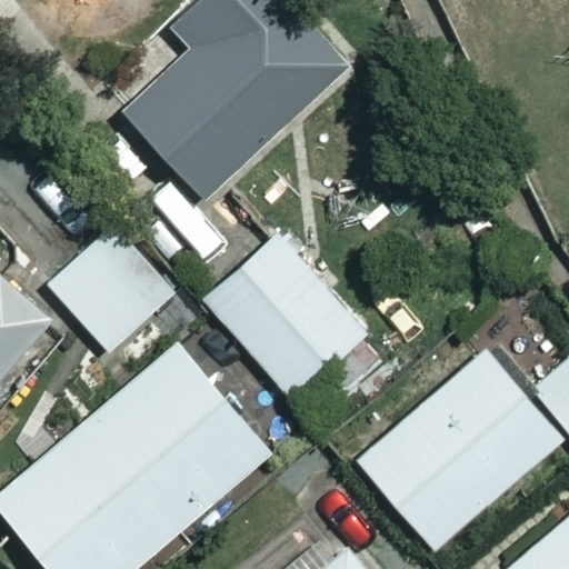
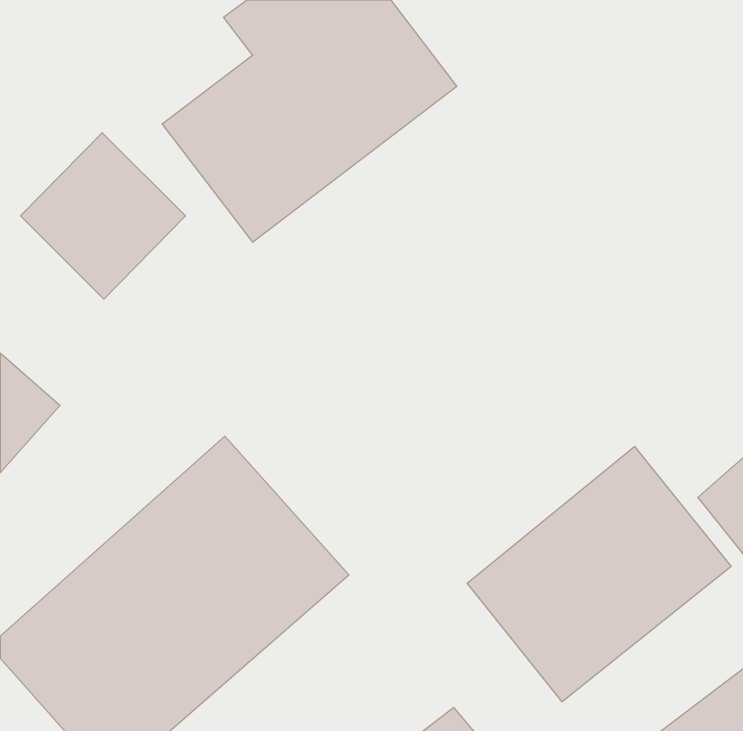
building: [47,227,172,353] -> [21,133,185,299]
building: [204,236,363,416] -> none

